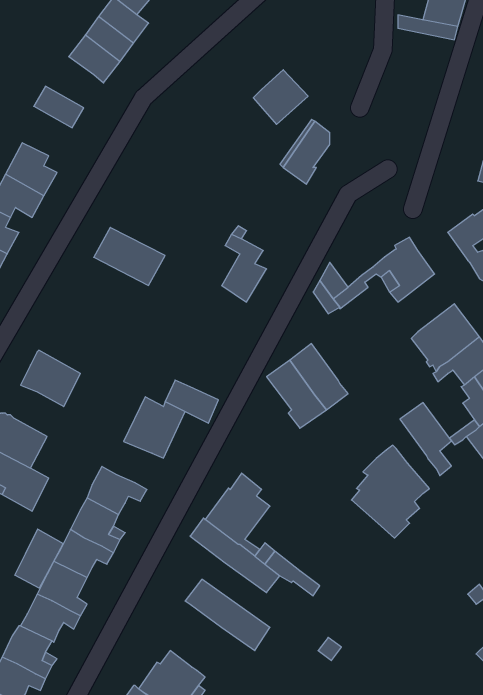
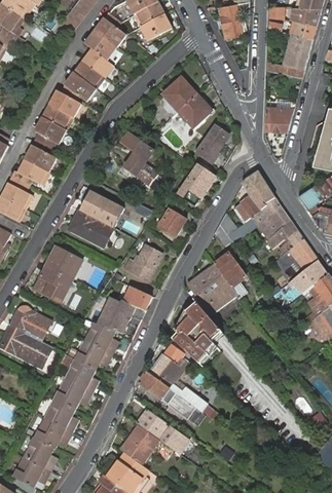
building: none -> [168,76,196,111]
building: none -> [49,85,80,117]
building: none -> [263,105,293,129]
building: none -> [34,116,66,147]
building: none -> [121,132,162,185]
building: none -> [178,165,214,205]
building: none -> [234,170,274,221]
building: none -> [70,210,113,246]
building: none -> [271,220,302,256]
building: none -> [123,243,159,280]
building: none -> [45,246,82,281]
building: [400,403,451,476] -> [214,253,246,298]
building: none -> [84,321,116,353]
building: [351,445,429,538] -> [172,304,220,362]
building: [15,529,63,588] -> none
building: none -> [120,424,158,463]

